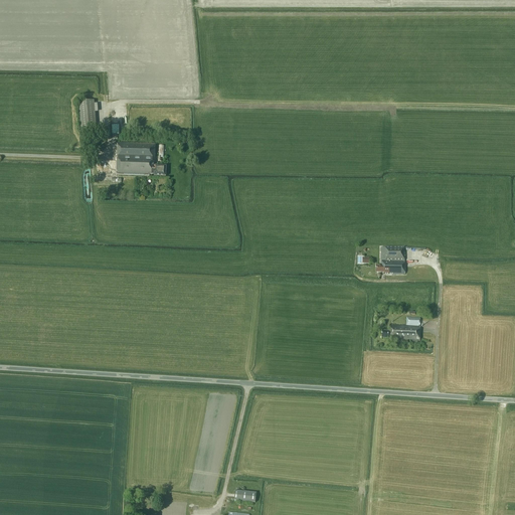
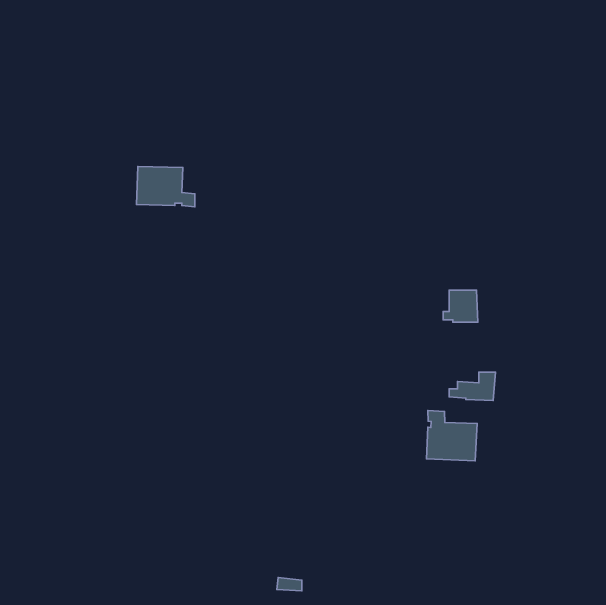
building: [78,99,96,130] -> none
building: none -> [426,410,477,461]

